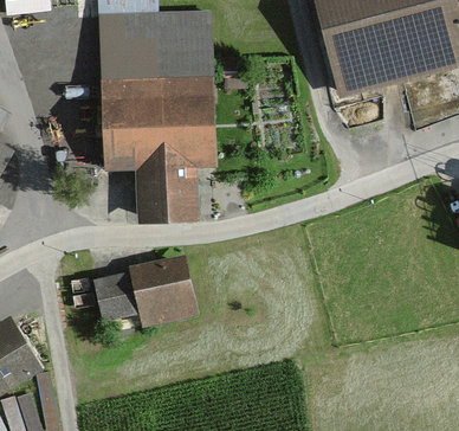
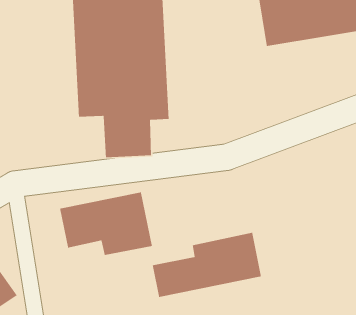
building: none -> [152,232,262,298]

